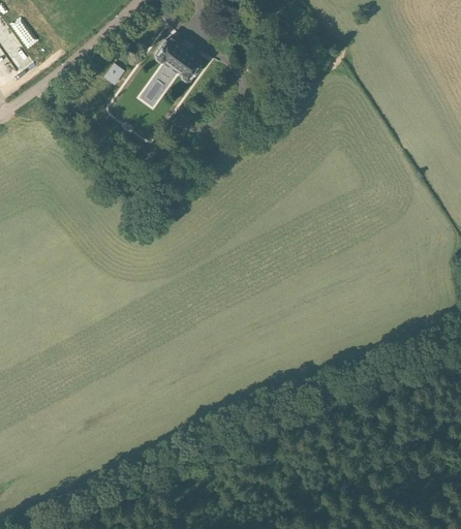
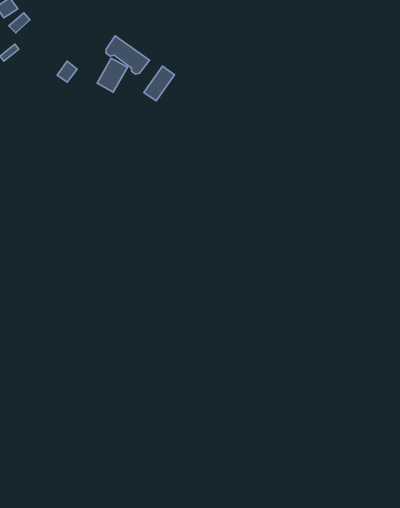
building: none -> [144,66,174,101]

